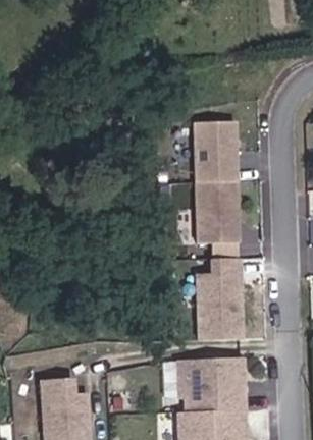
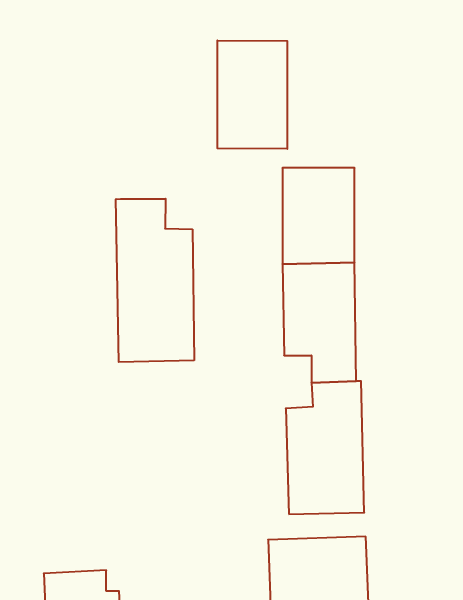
building: none -> [217,40,287,149]
building: none -> [116,199,194,362]

